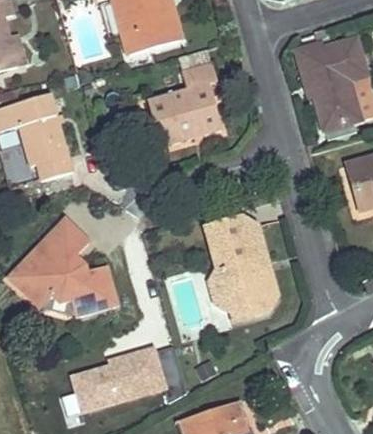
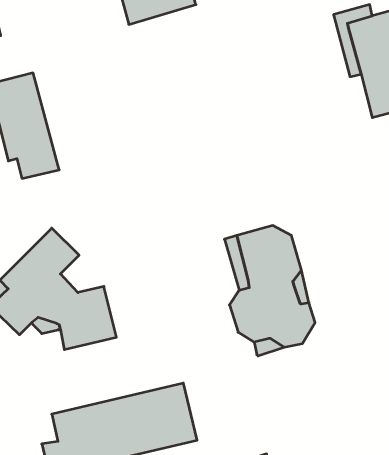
building: [148,62,219,146] -> none

